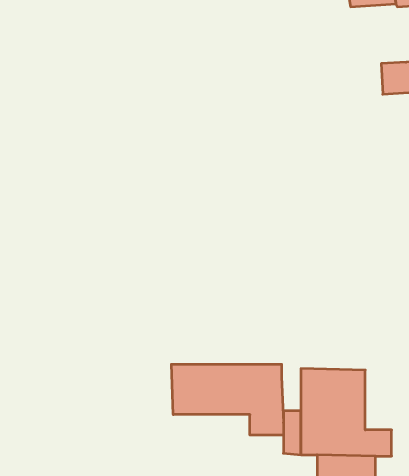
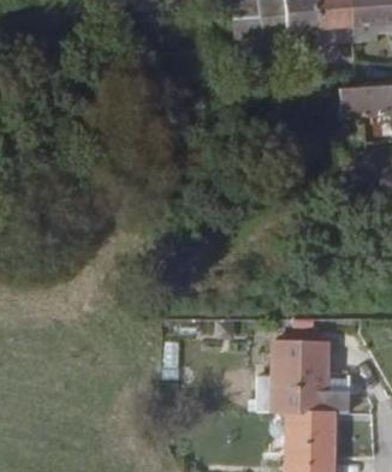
building: [171,364,283,435] -> none

